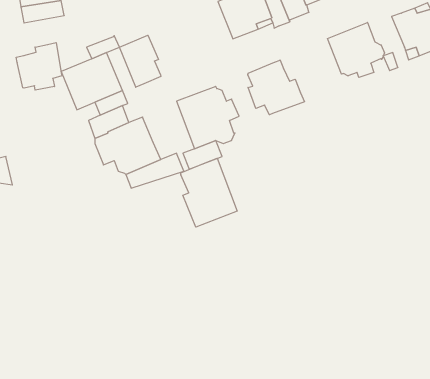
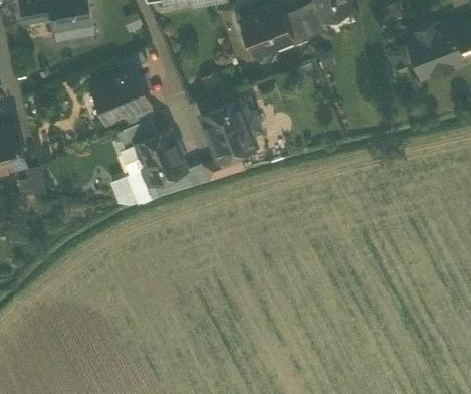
building: [327,22,384,77] -> none
building: [119,35,161,87] -> none
building: [16,43,62,90] -> none
building: [248,60,304,115] -> none
building: [181,158,237,227] -> none

